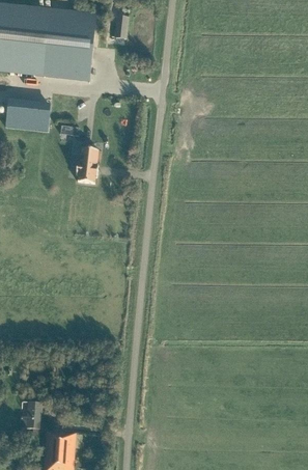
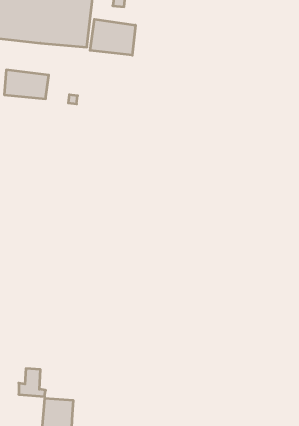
building: none -> [90,19,135,55]
building: [76,148,97,184] -> none

